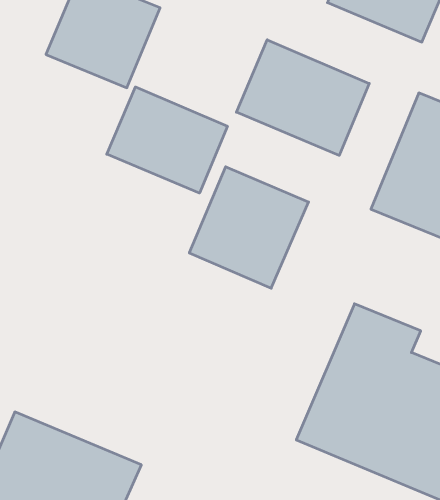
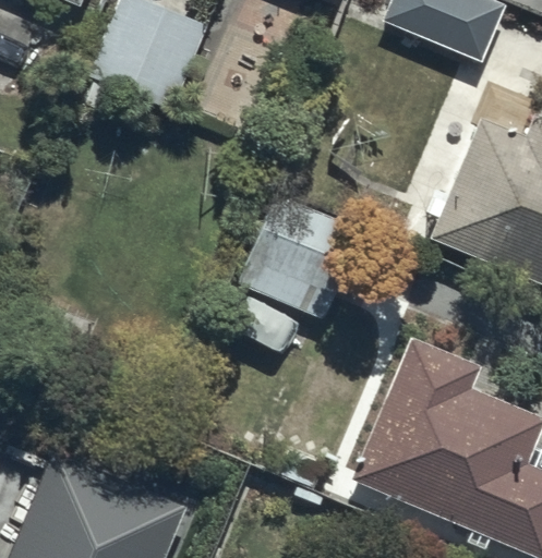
building: [236,40,369,155] -> none
building: [107,87,227,193] -> none

